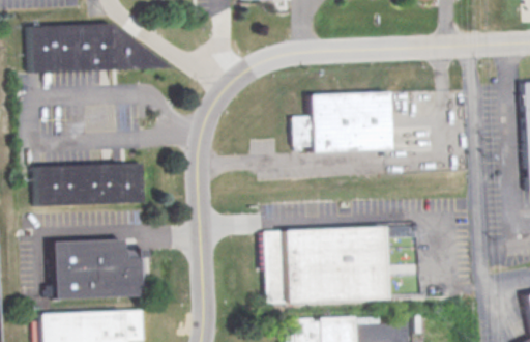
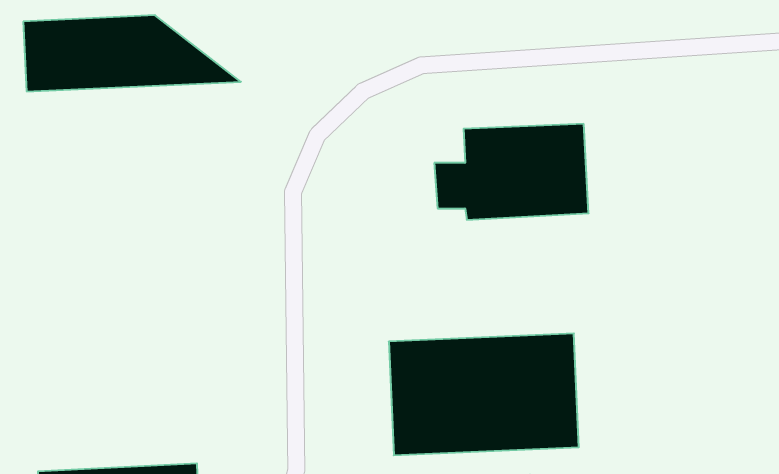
building: [35,162,144,205] -> none
building: [54,237,148,297] -> none

